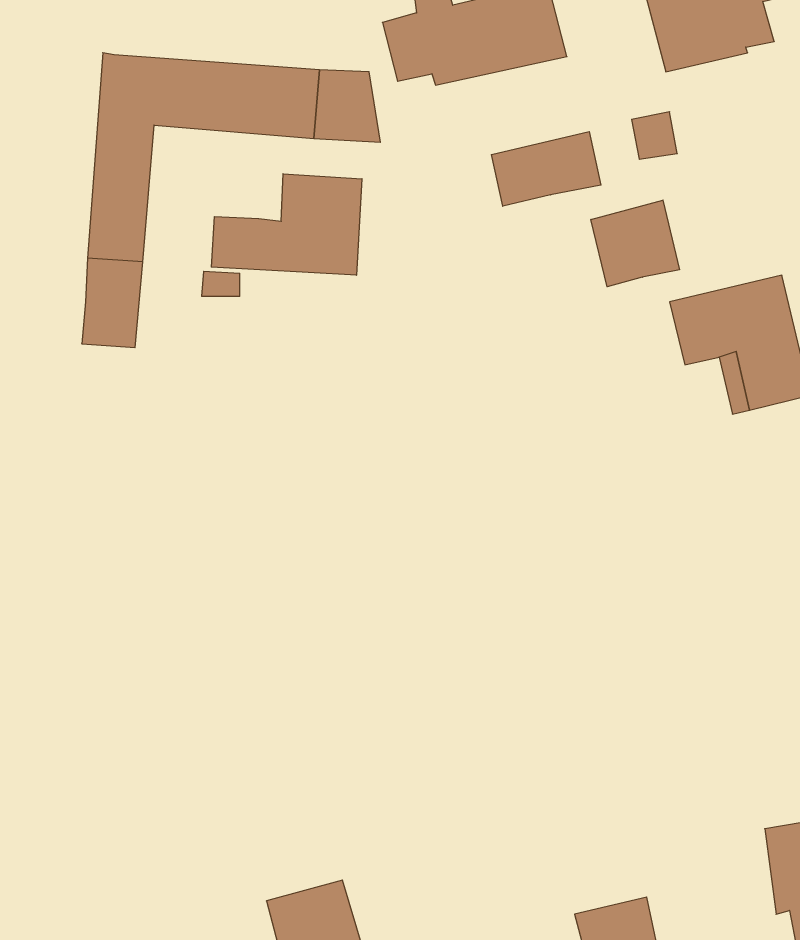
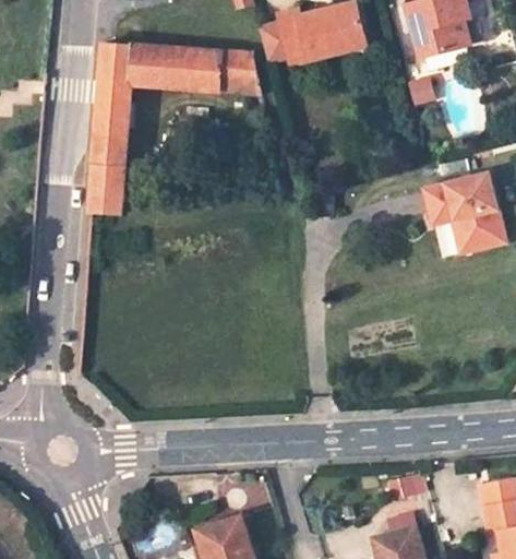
building: [491,132,601,206] -> none
building: [211,174,362,275] -> none
building: [591,200,679,287] -> none

